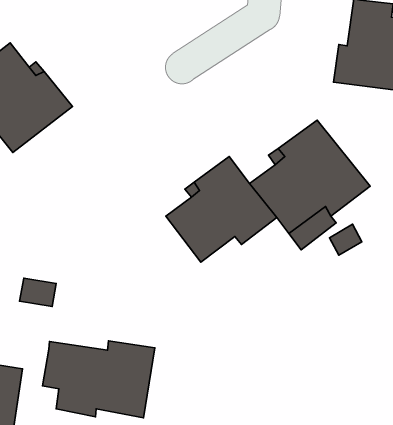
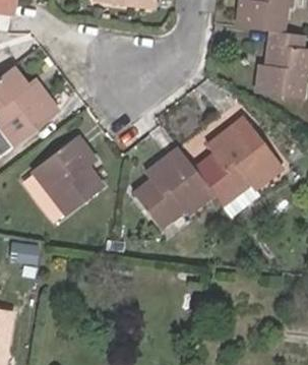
building: none -> [29,136,102,217]
building: [43,341,155,418] -> none

